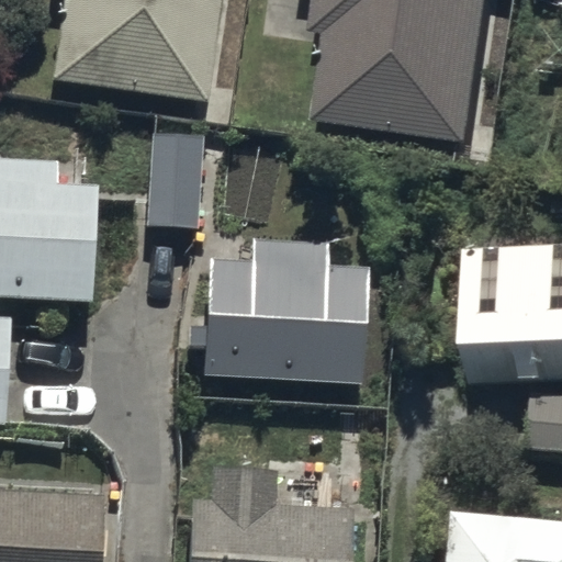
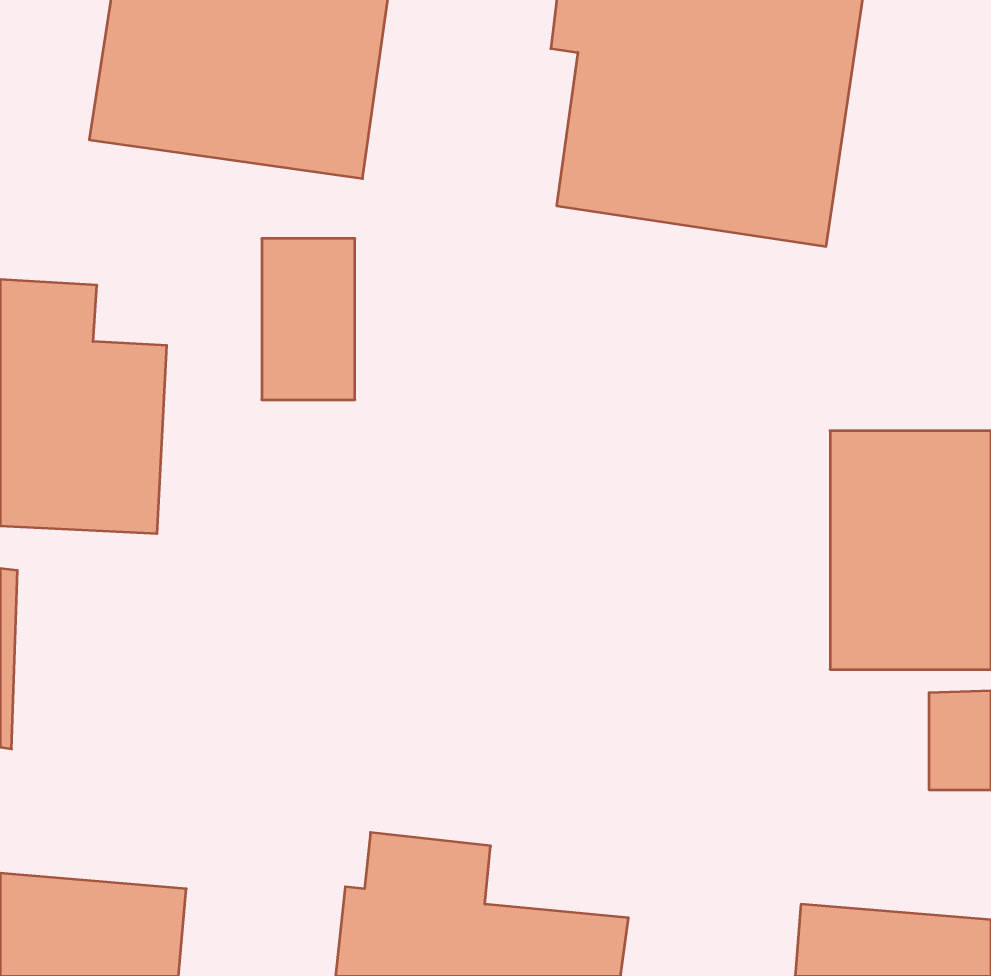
building: [202,239,373,387] -> none

